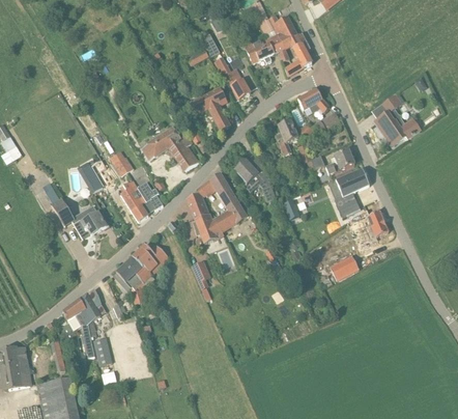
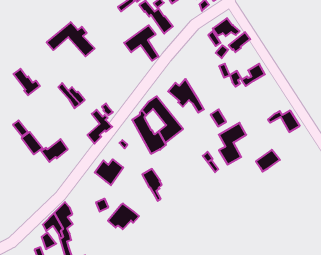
building: [374,93,421,145] -> none
building: [275,120,297,158] -> none
building: [141,127,198,170] -> [47,22,95,56]
building: [81,164,111,197] -> [13,69,40,95]
building: [333,168,368,217] -> [219,123,246,165]
building: [119,179,147,210] -> none
building: [113,256,151,287] -> [108,203,139,229]

